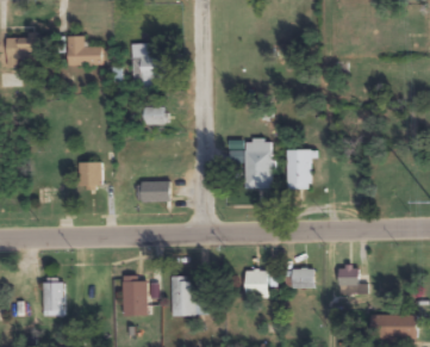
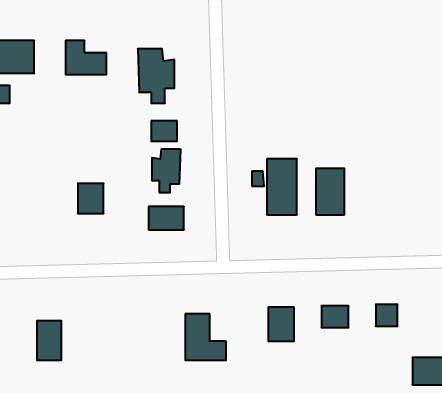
building: none -> [152,149,180,193]
building: [123,275,148,316] -> none

